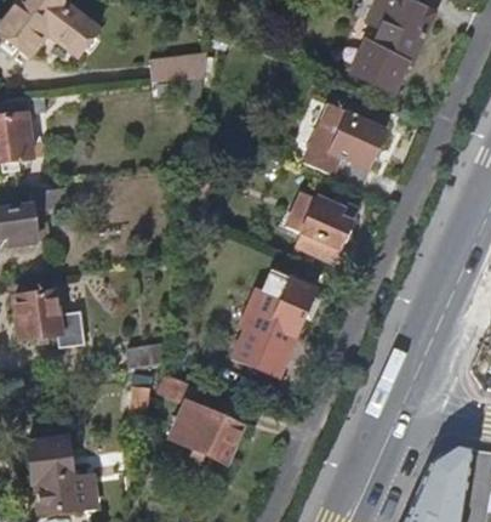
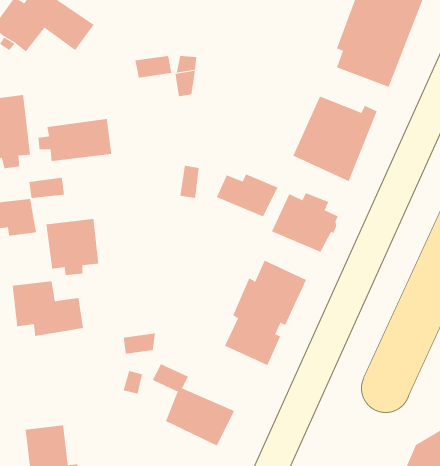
building: none -> [38,118,112,162]
building: none -> [216,173,278,217]
building: none -> [46,218,99,276]

